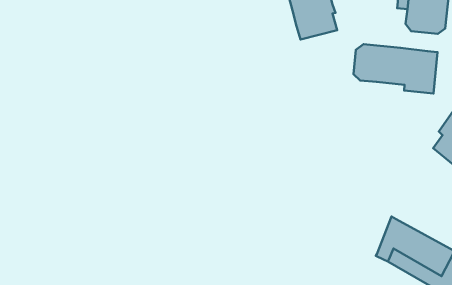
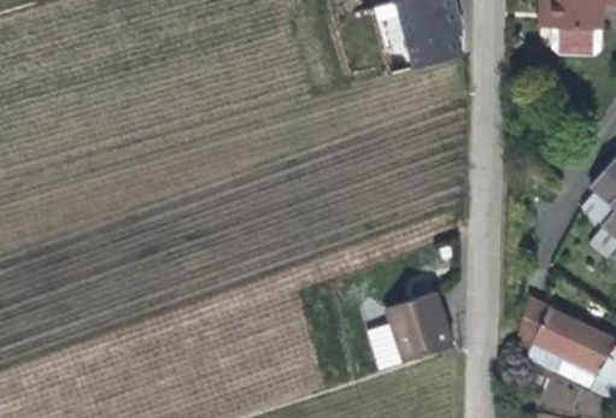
building: [353,44,438,94] -> none
building: none -> [388,287,457,359]

